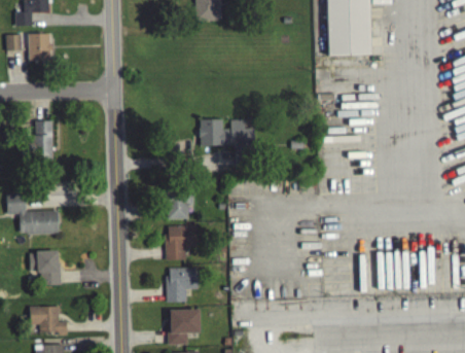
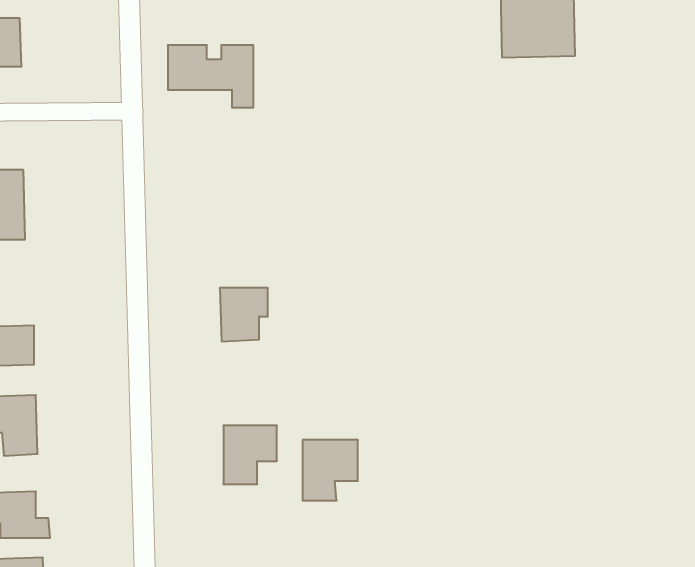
building: [200,119,249,155] -> [168,45,253,108]
building: [166,225,198,259] -> none
building: [169,309,201,344] -> [303,440,358,501]

